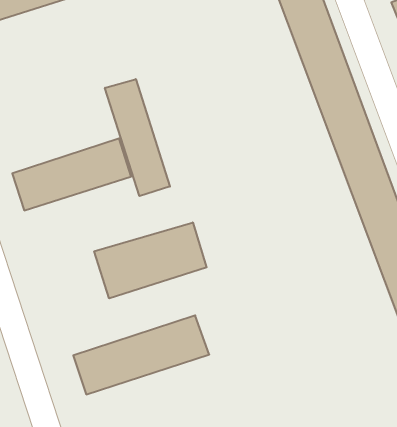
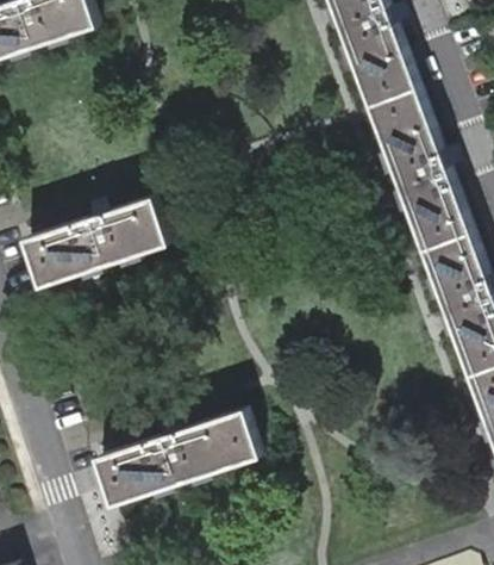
building: [105,79,170,196] -> none
building: [94,222,207,298] -> none

